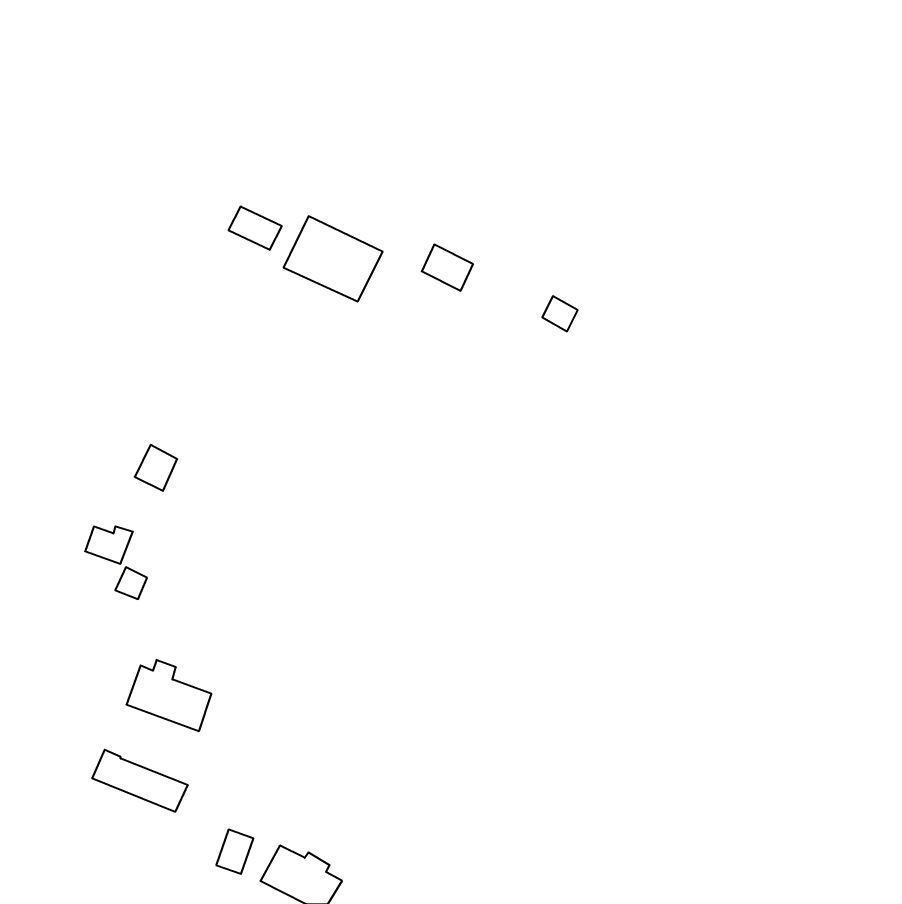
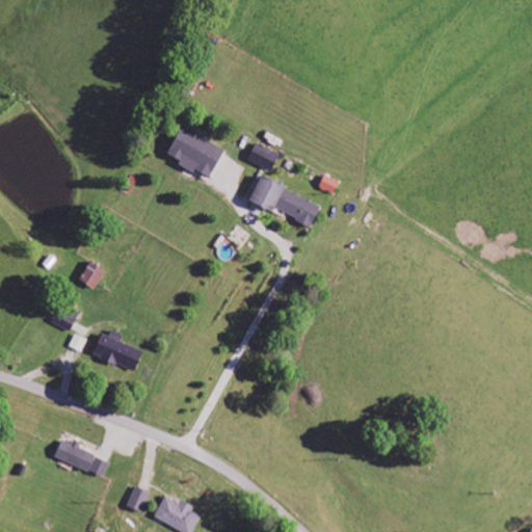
building: [229,206,282,250] -> none
building: none -> [249,176,321,225]
building: [126,660,211,731] -> [92,329,142,371]

